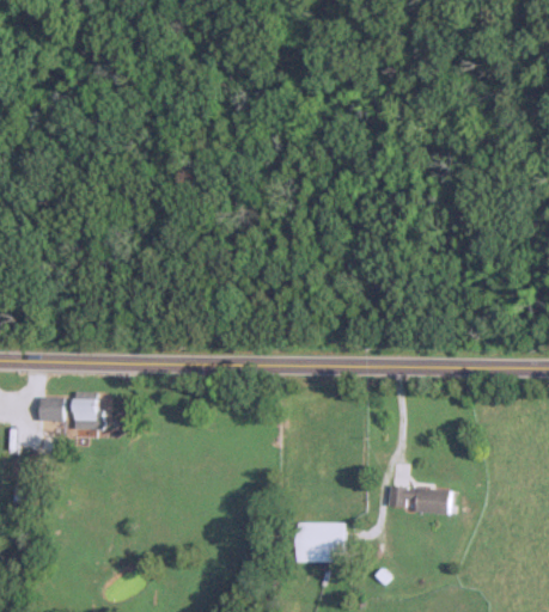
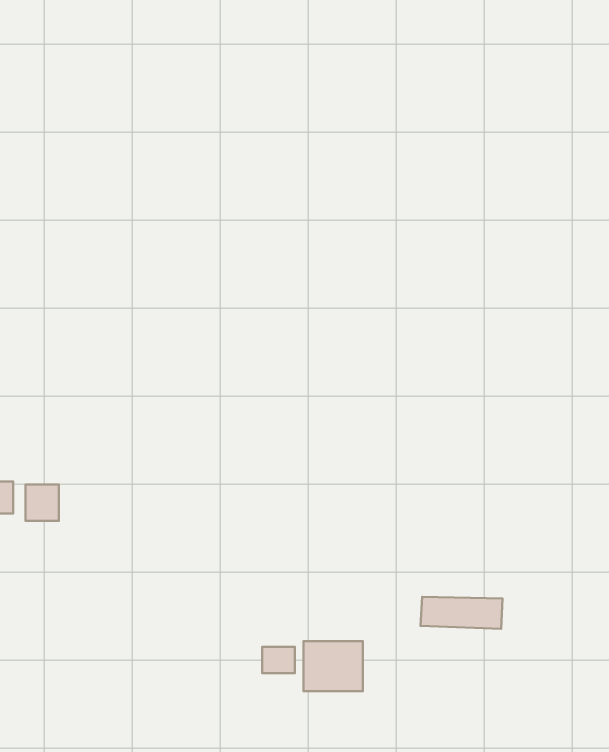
building: none -> [262,647,295,673]

